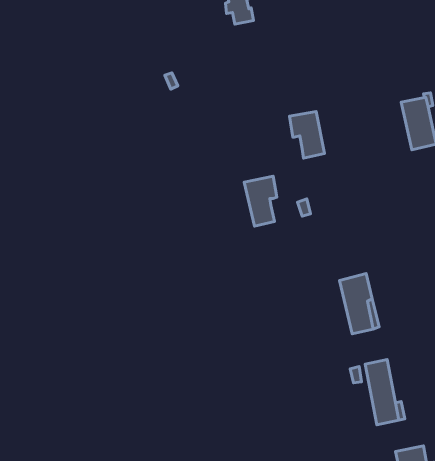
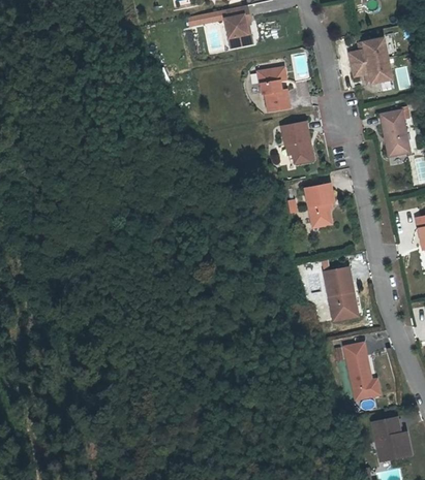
building: none -> [345,38,389,83]
building: none -> [255,69,289,113]
building: [244,176,277,226] -> [303,183,332,227]

